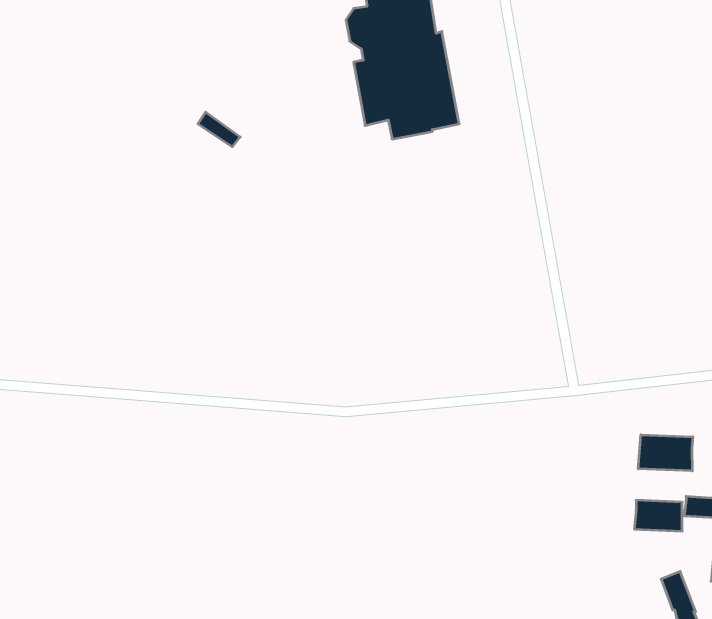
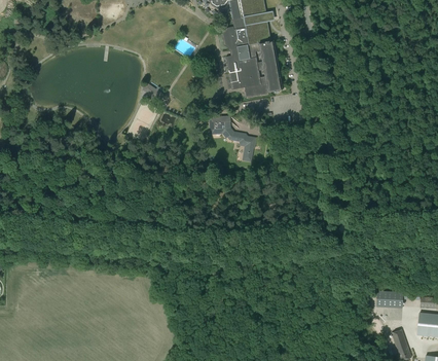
building: none -> [209,115,256,156]
building: [638,435,693,471] -> none

